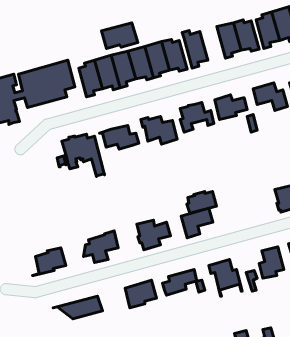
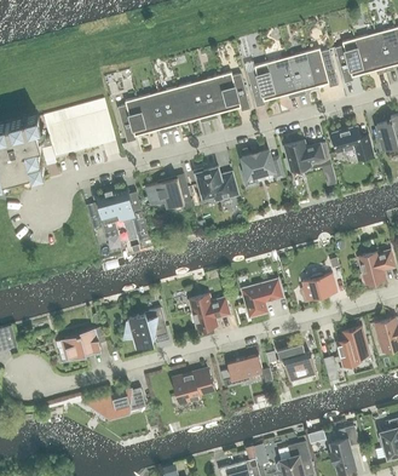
building: [101,23,138,49] -> none
building: none -> [266,56,298,97]
building: [187,191,217,213] -> [301,273,338,299]

